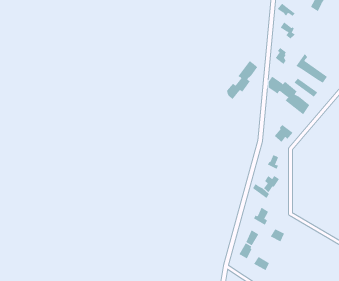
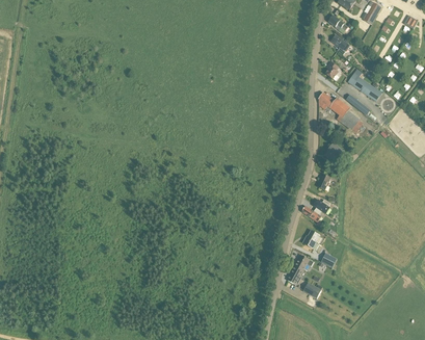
building: [226,60,258,100] -> none

